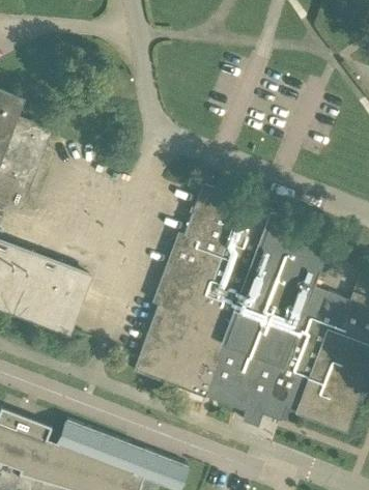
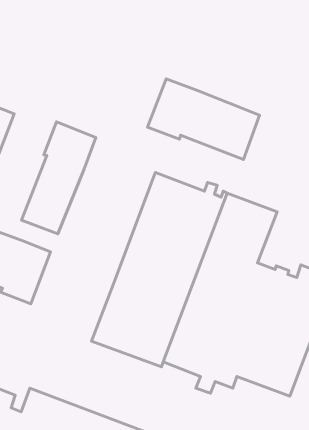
building: none -> [147,79,260,159]
building: none -> [22,122,96,234]

